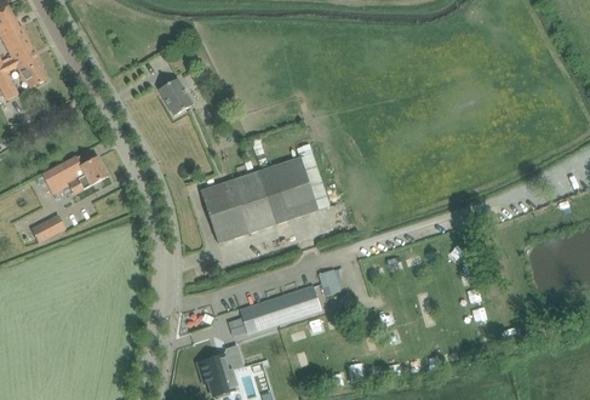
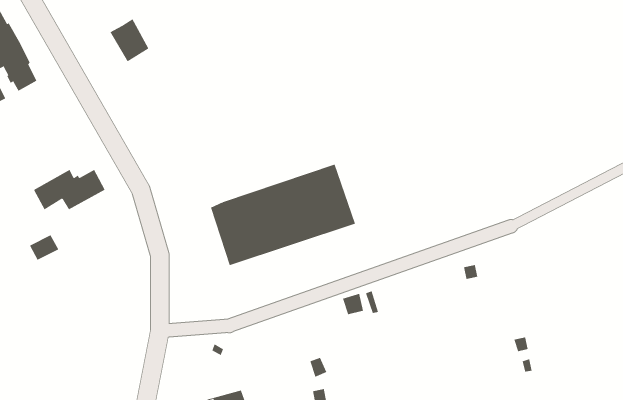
building: [156,78,191,116] -> [110,19,149,62]
building: [239,286,319,333] -> none

